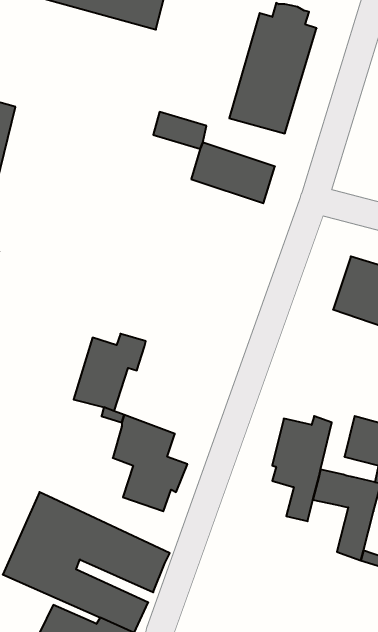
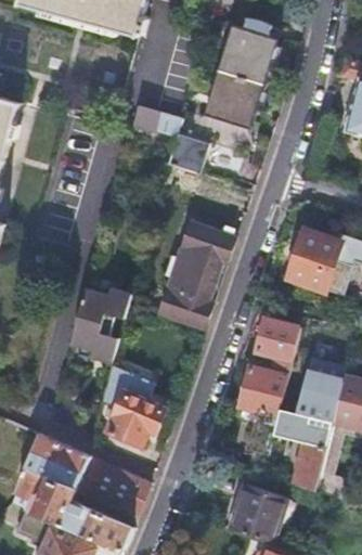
building: none -> [160,220,236,327]
building: none -> [257,320,300,372]
building: none -> [229,483,287,542]

